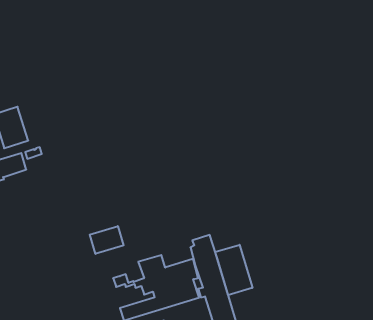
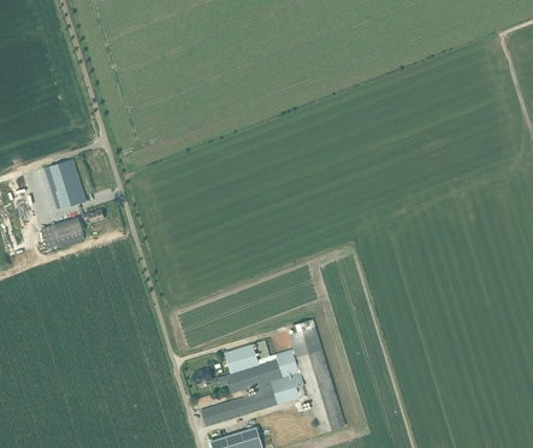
building: [90,226,124,254] -> none
building: [215,245,252,295] -> none

